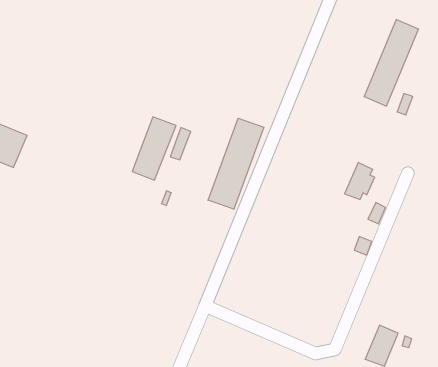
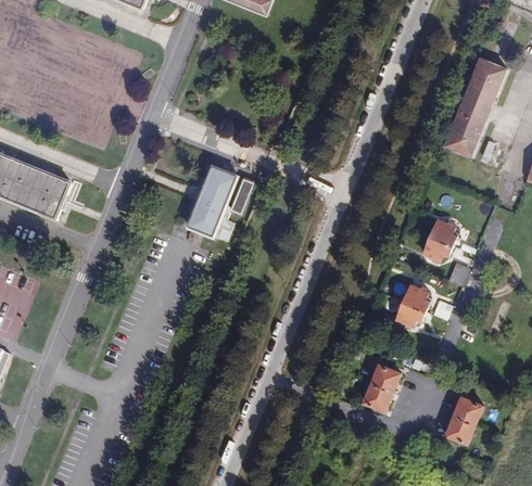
building: [208,118,264,209] -> none
building: none -> [396,280,430,321]
building: none -> [364,358,401,405]

